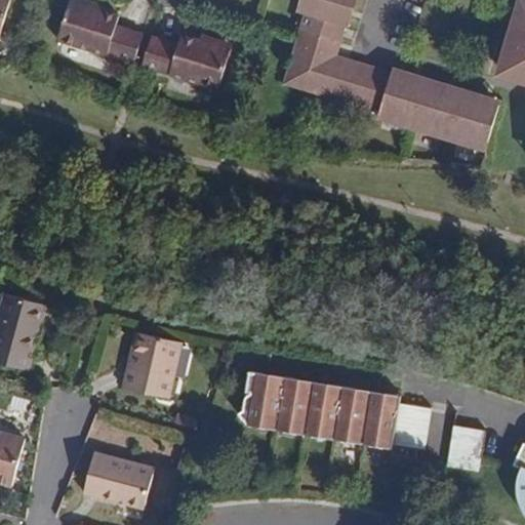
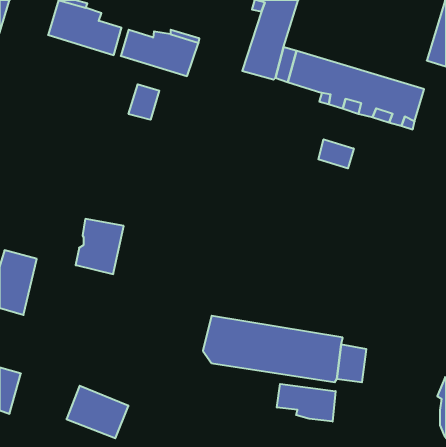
building: none -> [129,84,159,120]
building: none -> [318,139,354,168]
building: [125,333,181,398] -> [76,219,124,274]
building: [448,426,485,471] -> none
building: none -> [277,384,336,422]

